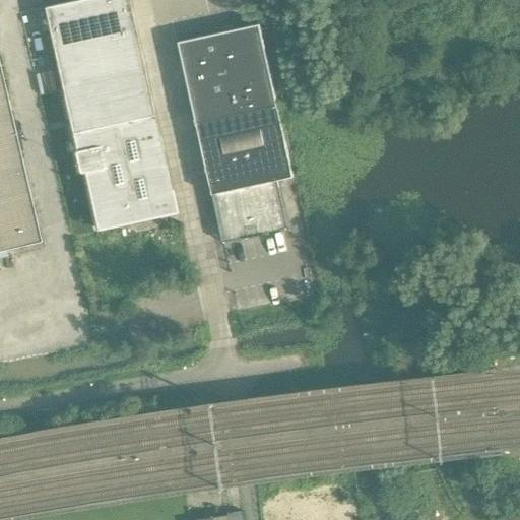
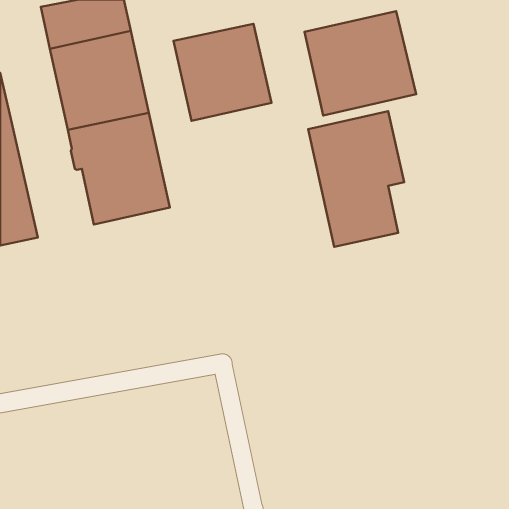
building: none -> [304,11,416,115]
building: [196,105,294,243] -> [308,111,404,247]

